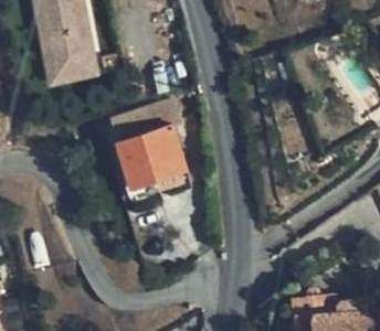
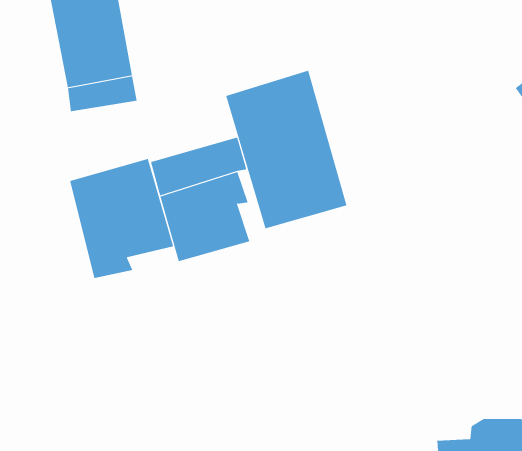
building: none -> [226,70,347,229]
building: none -> [69,158,174,279]

